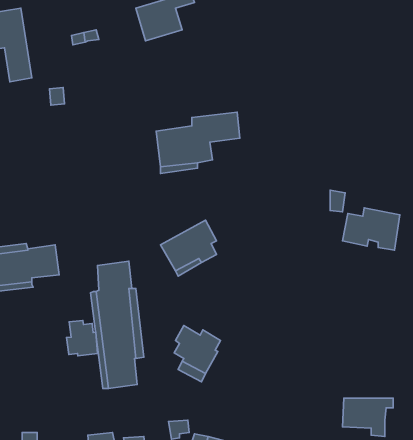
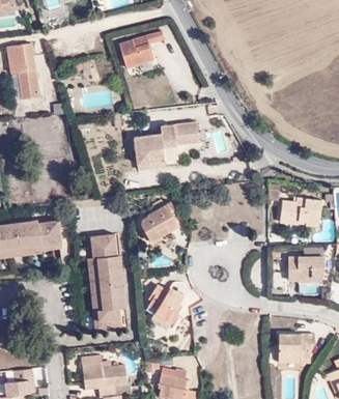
building: none -> [289,259,324,287]
building: [66,321,98,356] -> none

